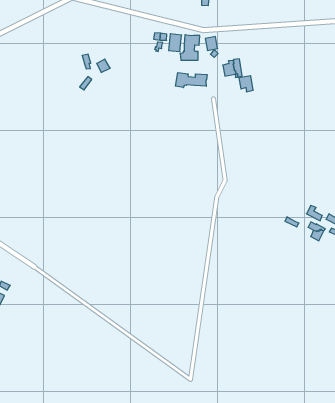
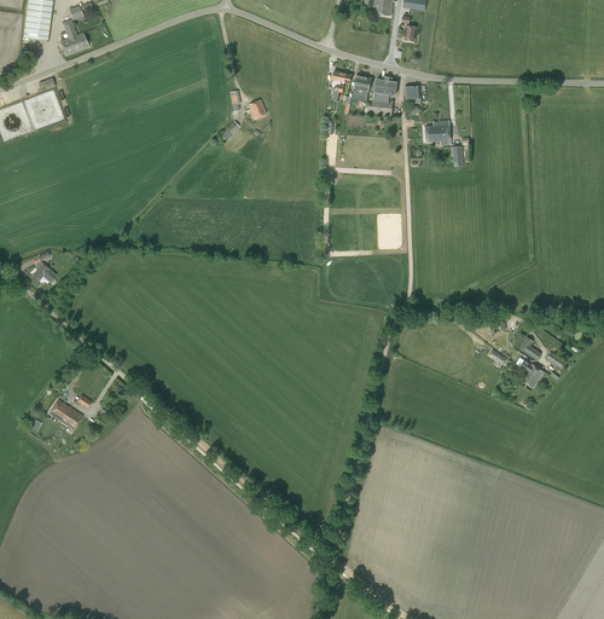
building: [175,73,207,88] -> none

